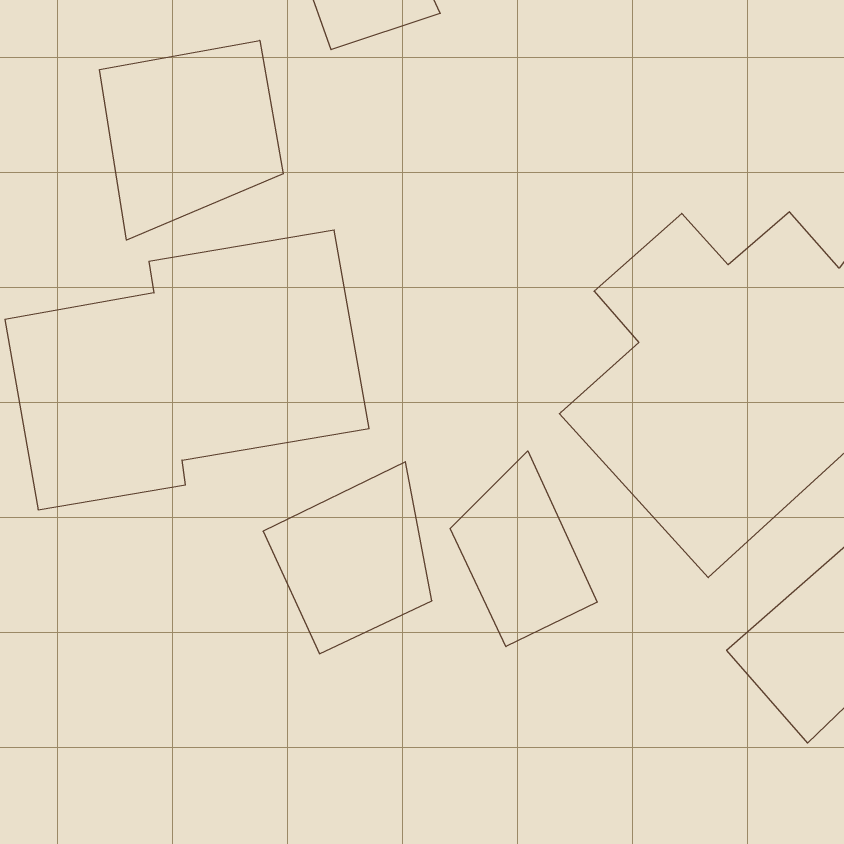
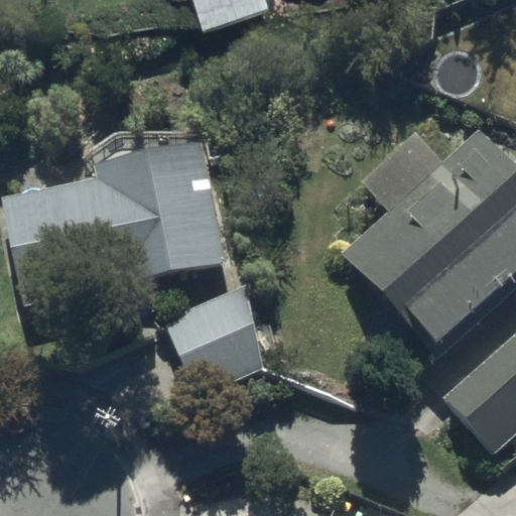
building: [100,40,283,240] -> none
building: [450,451,597,647] -> none

